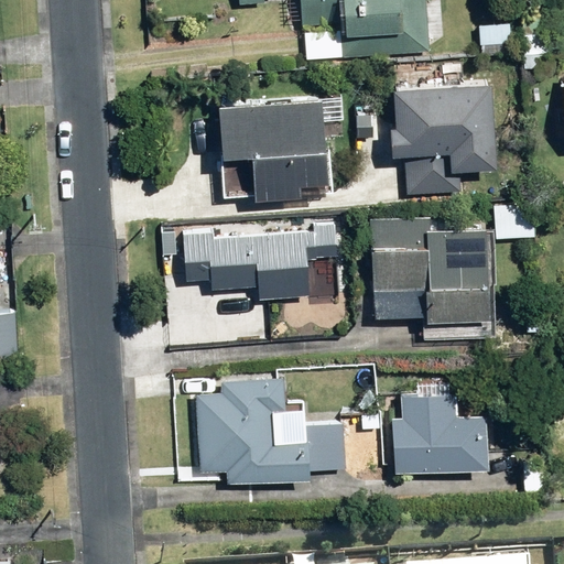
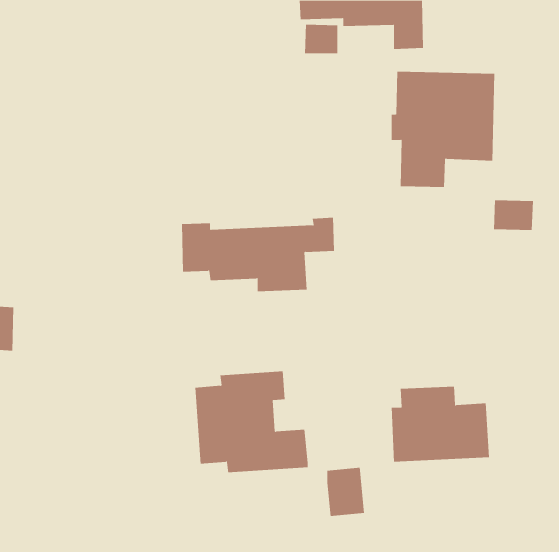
building: [219,98,328,200] -> none
building: [370,219,490,321] -> none
building: [306,424,345,474] -> [327,467,365,516]

